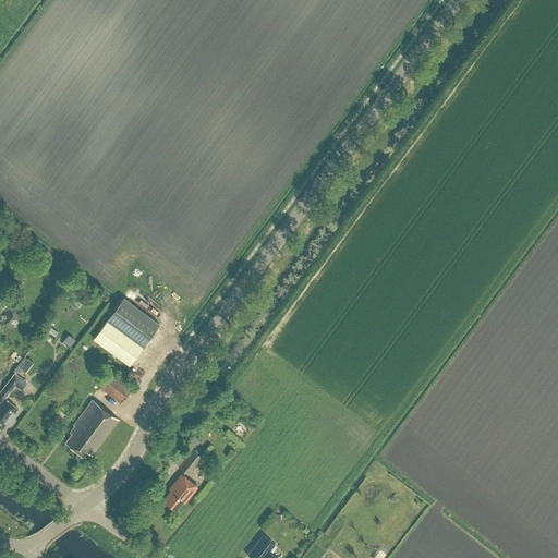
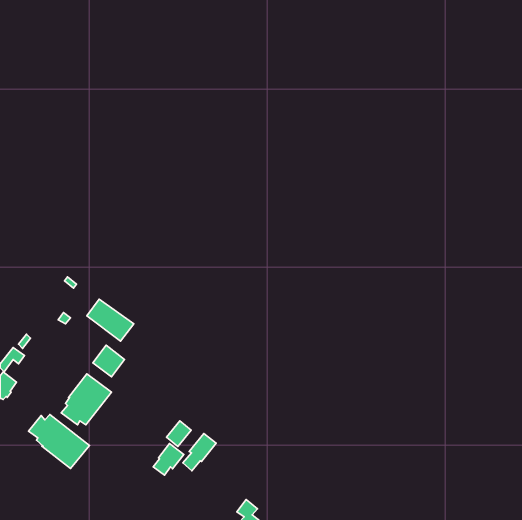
building: [107,300,158,347] -> none
building: none -> [29,414,89,468]
building: none -> [183,433,216,471]

